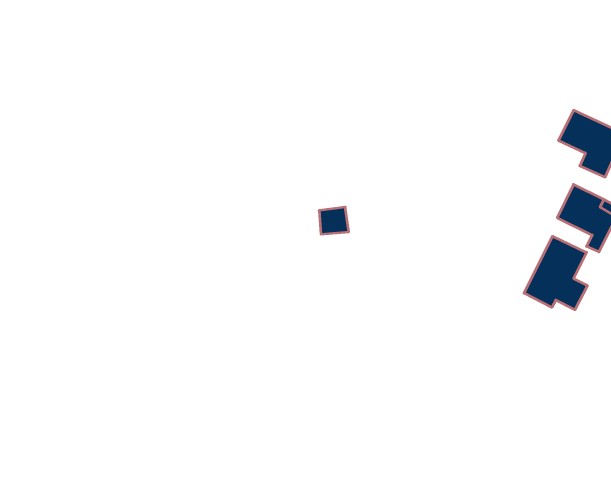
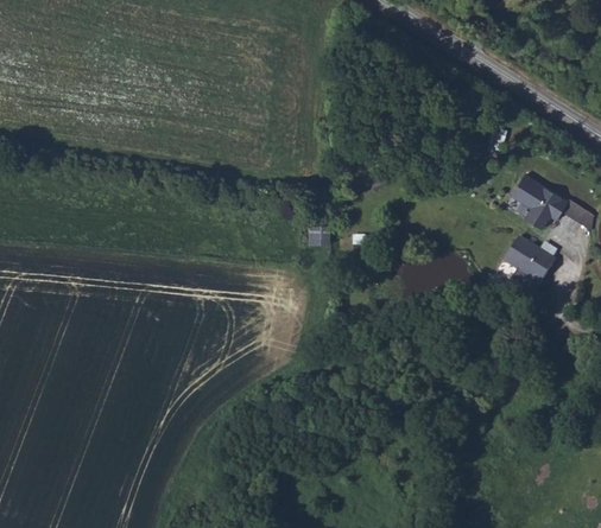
building: [524,236,587,310] -> none

